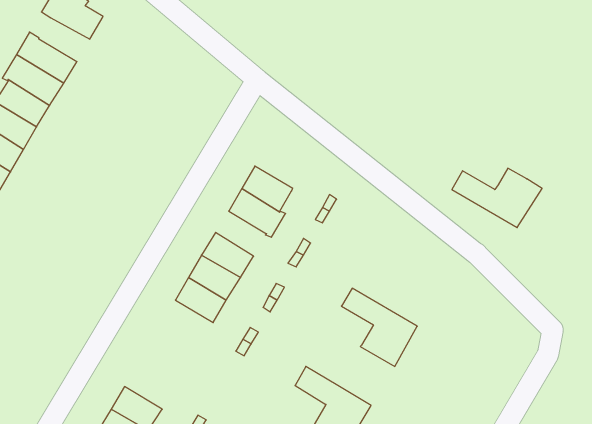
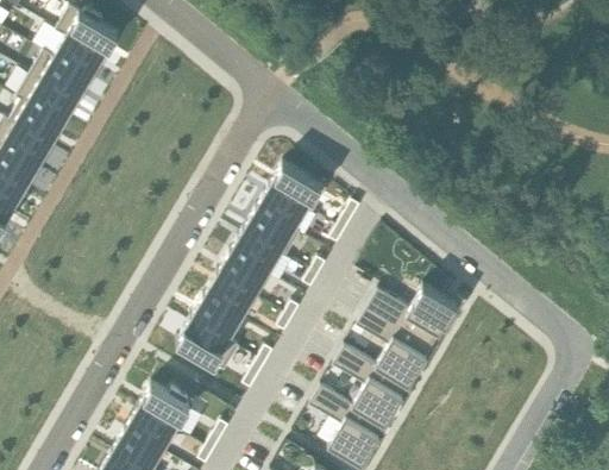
building: none -> [51,38,102,82]
building: none -> [268,164,325,214]
building: [452,168,542,228] -> [365,288,456,347]
building: none -> [228,232,280,277]
building: none -> [175,321,236,372]
building: none -> [331,347,408,427]
building: none -> [137,386,188,431]

